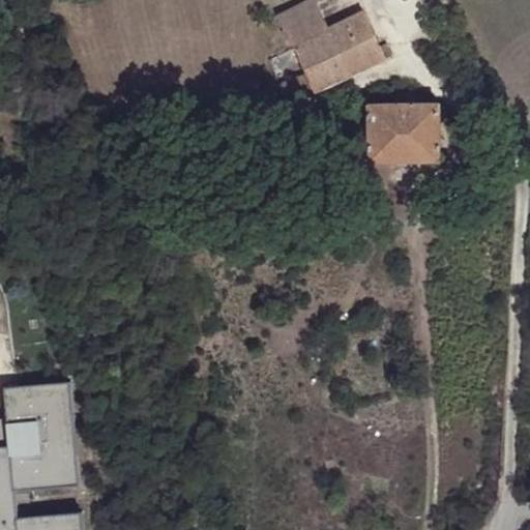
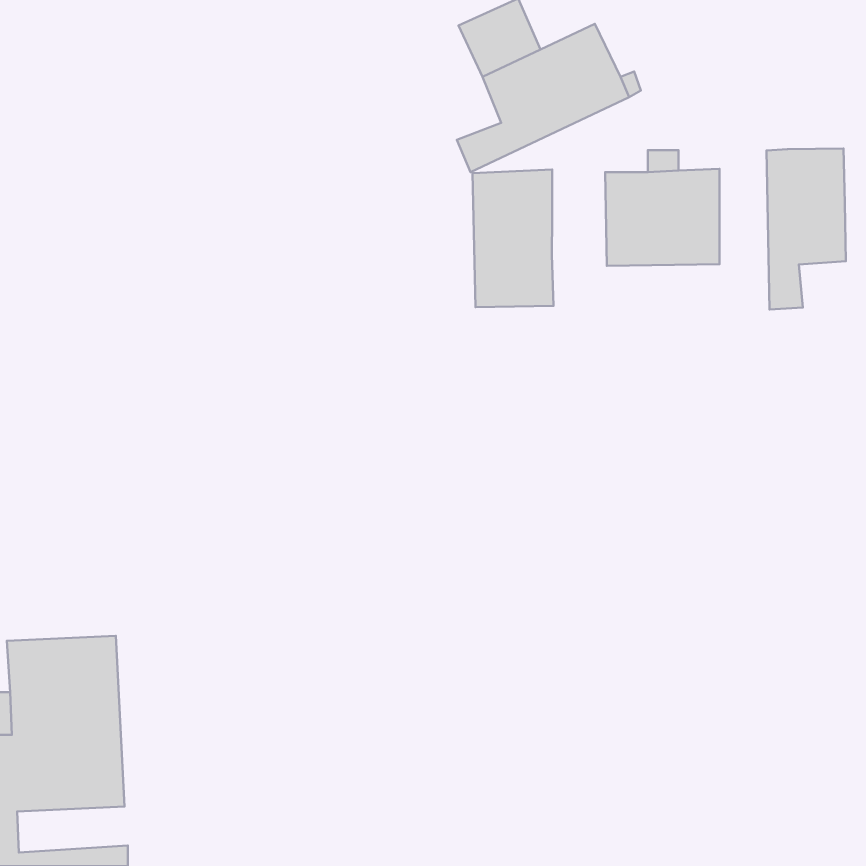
building: none -> [767,149,846,309]
building: none -> [473,170,553,307]

